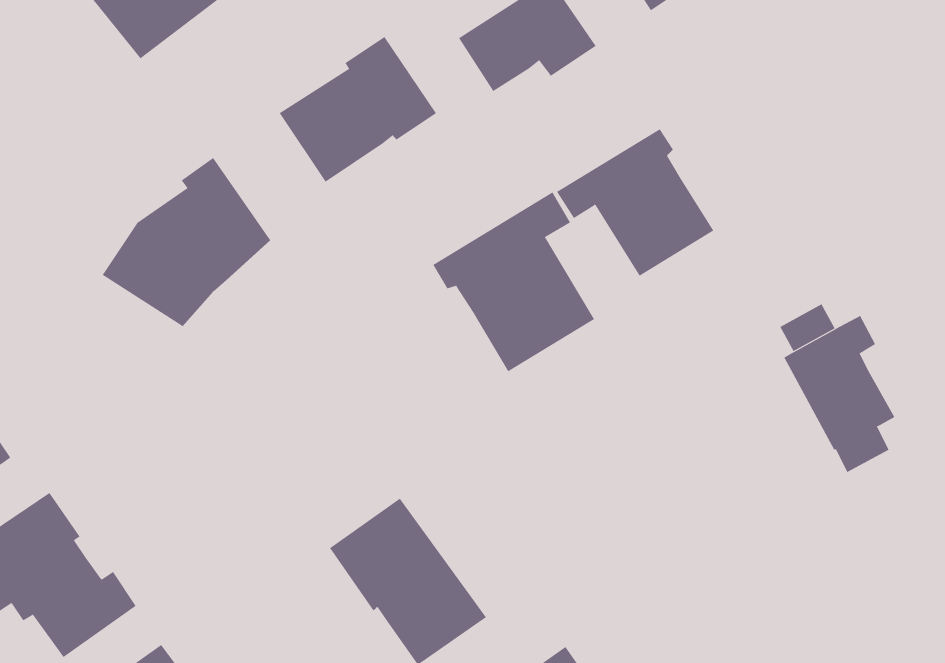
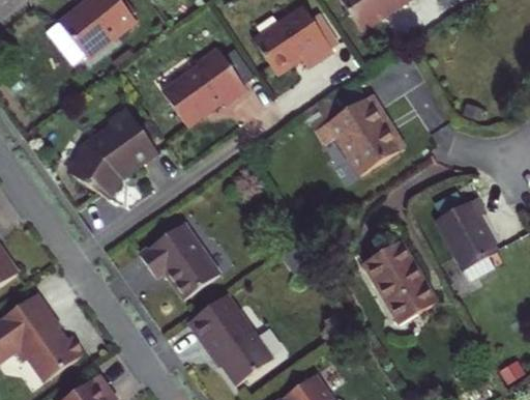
building: [433,191,595,372] -> none
building: none -> [140,222,219,297]
building: none -> [360,237,436,323]

